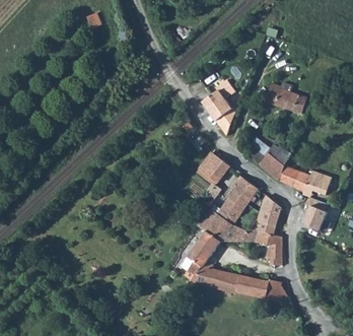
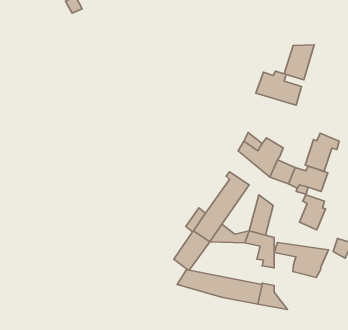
building: none -> [284,45,314,80]
building: [200,79,234,135] -> none
building: none -> [305,133,339,171]
building: [197,149,232,185] -> none
building: none -> [274,242,329,278]

